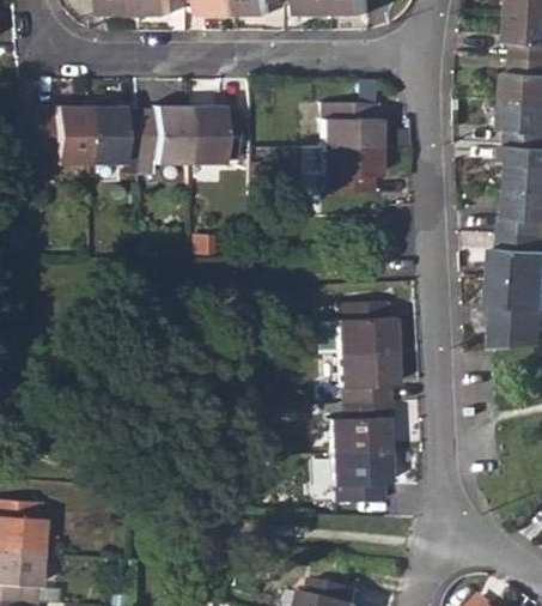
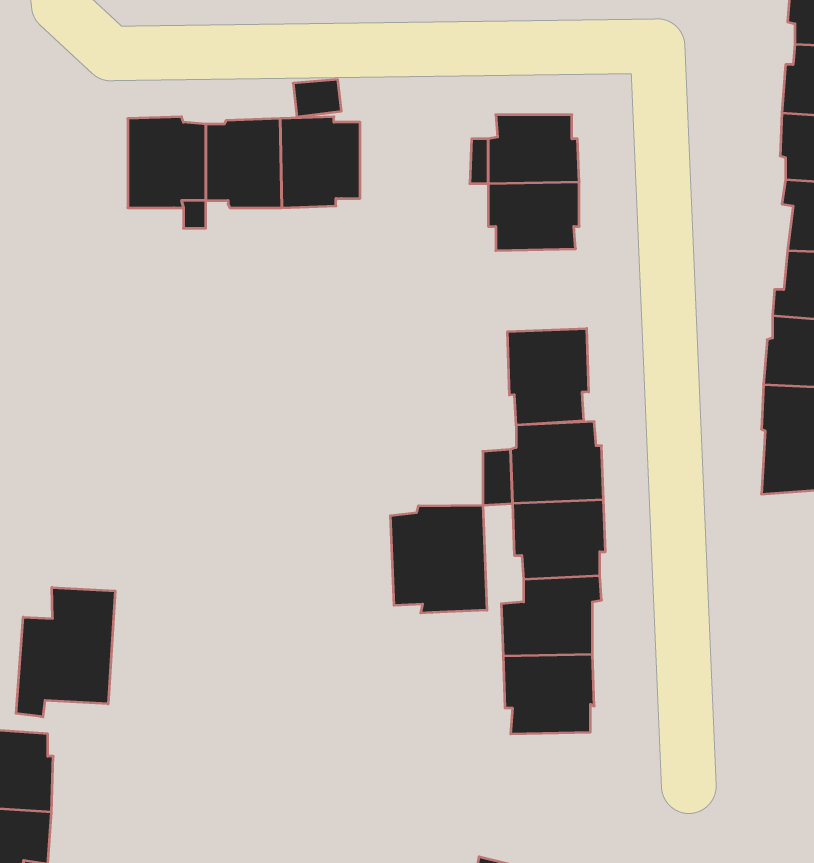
building: [41,105,90,163] -> none
building: none -> [508,328,589,425]
building: none -> [390,505,487,613]
building: none -> [16,587,115,717]

